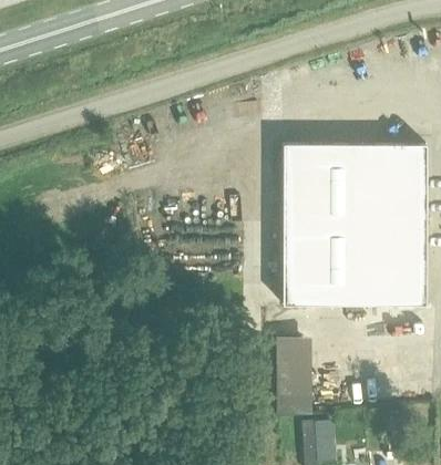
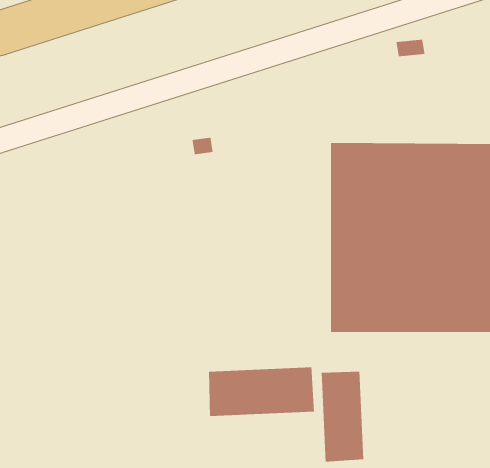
building: none -> [208,367,315,417]

